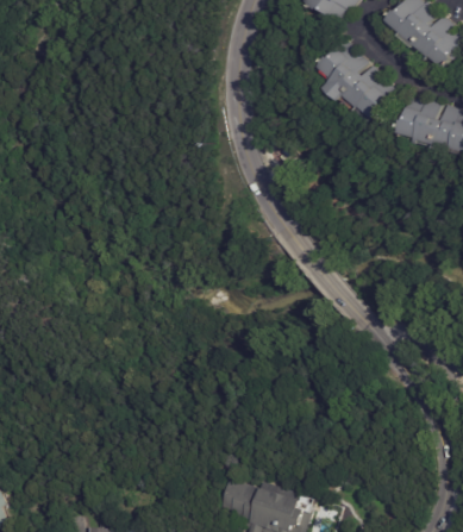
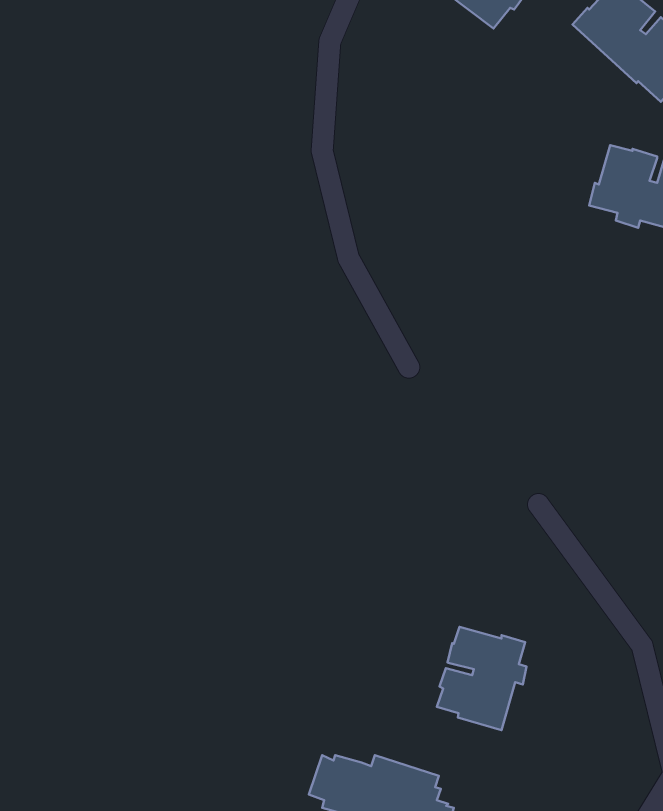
building: [314,38,396,118] -> none
building: none -> [437,627,527,730]

